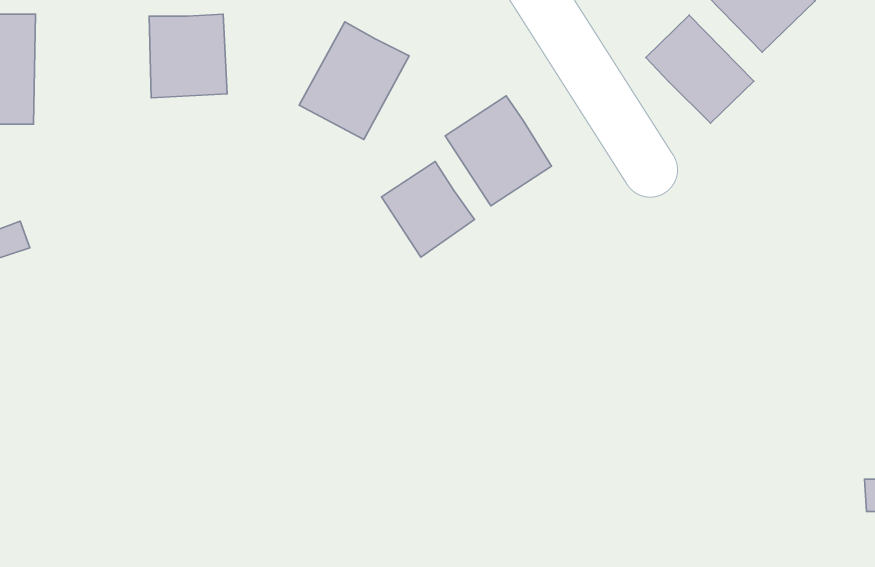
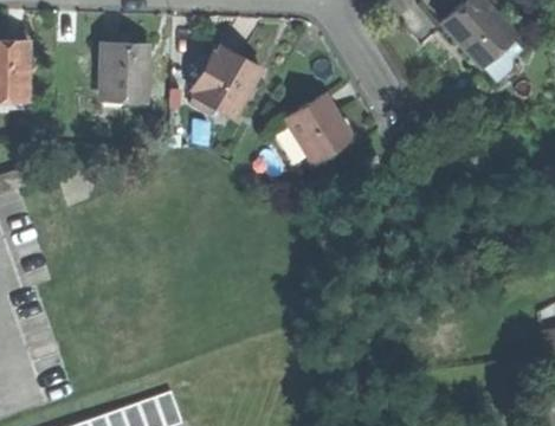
building: [646,15,754,123] -> none
building: [381,162,475,257] -> none

